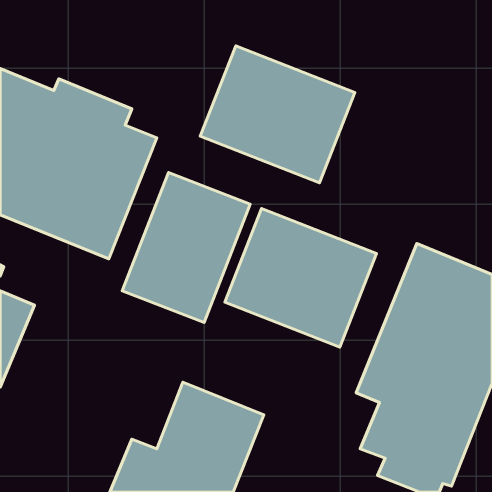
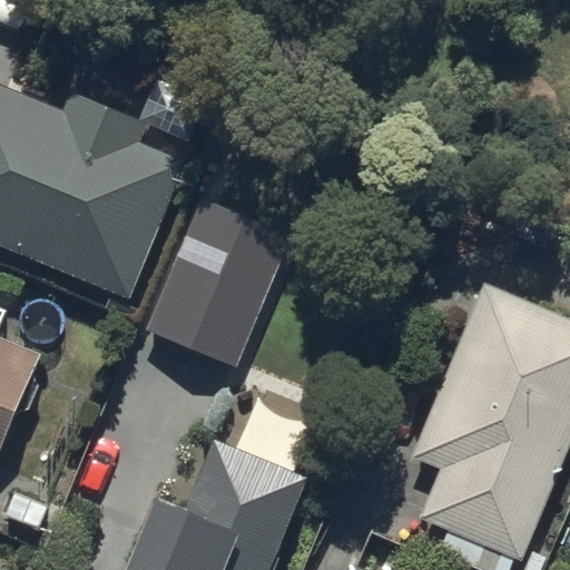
building: [200,46,355,183] -> none
building: [225,209,377,347] -> none

